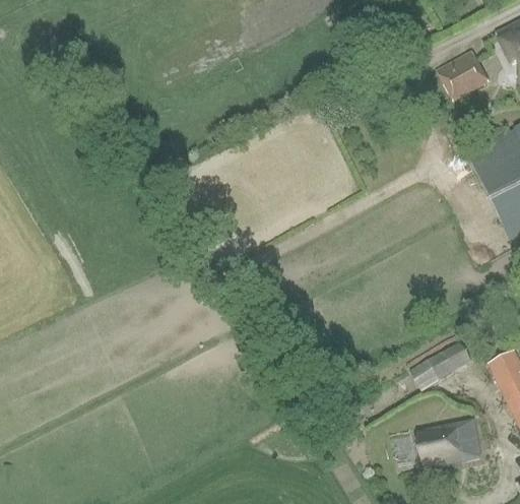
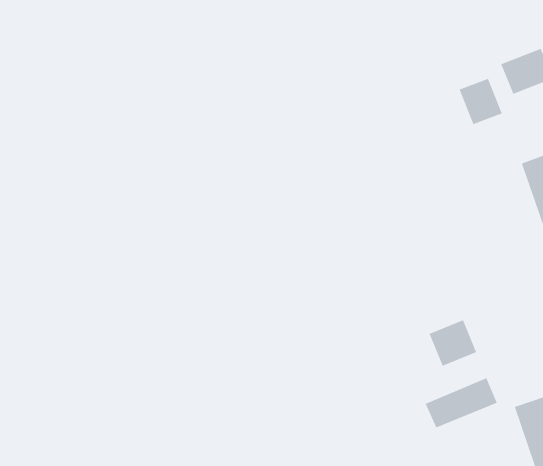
building: none -> [459,78,503,125]
building: none -> [428,319,477,367]

